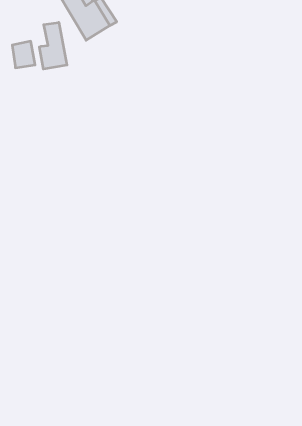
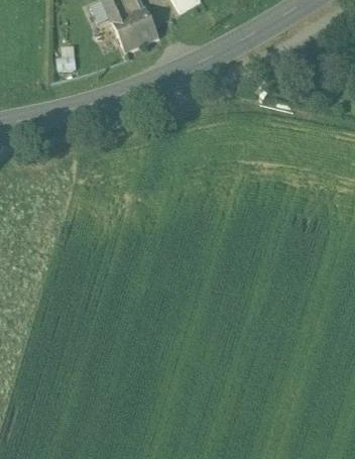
building: [39,22,67,69] -> none

